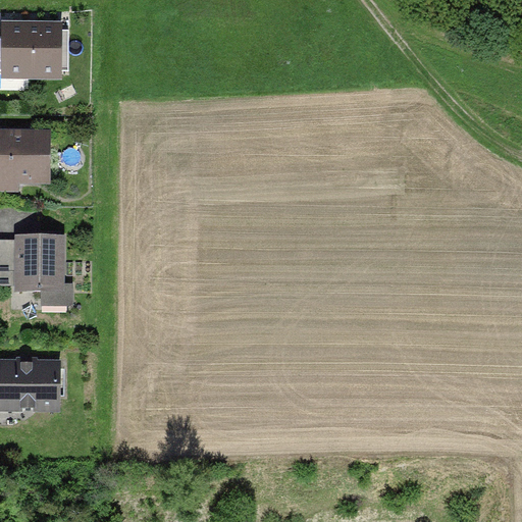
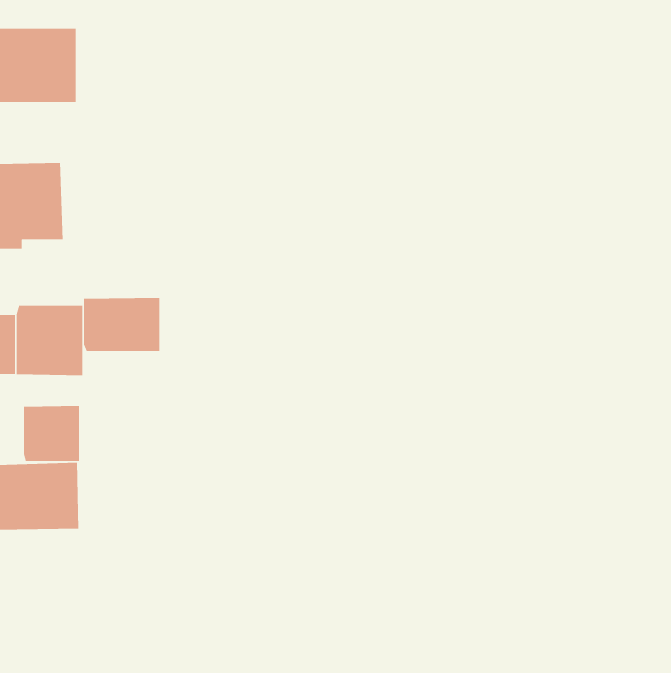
building: none -> [83,297,160,352]
building: none -> [23,405,80,462]

